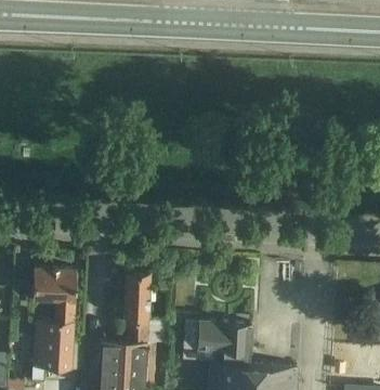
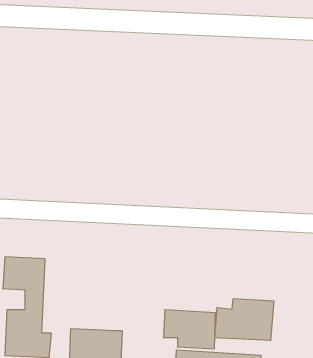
building: [123,274,149,344] -> none
building: none -> [215,299,274,341]

